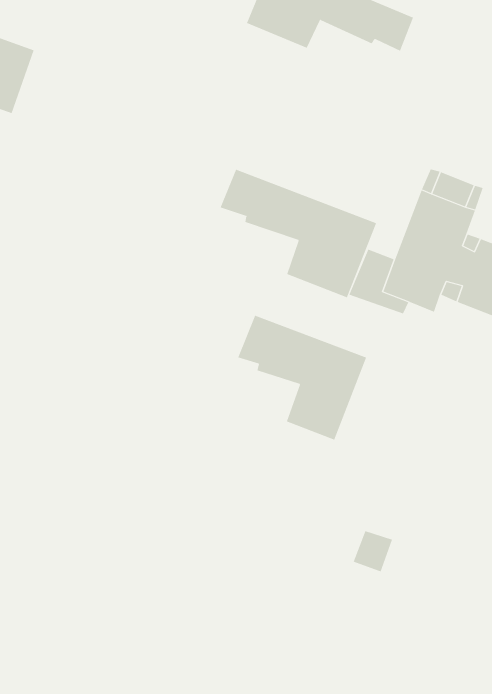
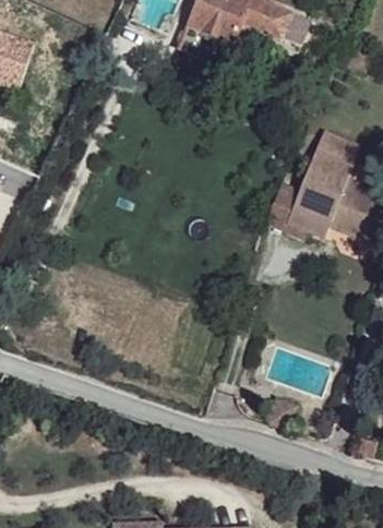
building: [220,169,377,298] -> none
building: [238,315,367,441] -> none

